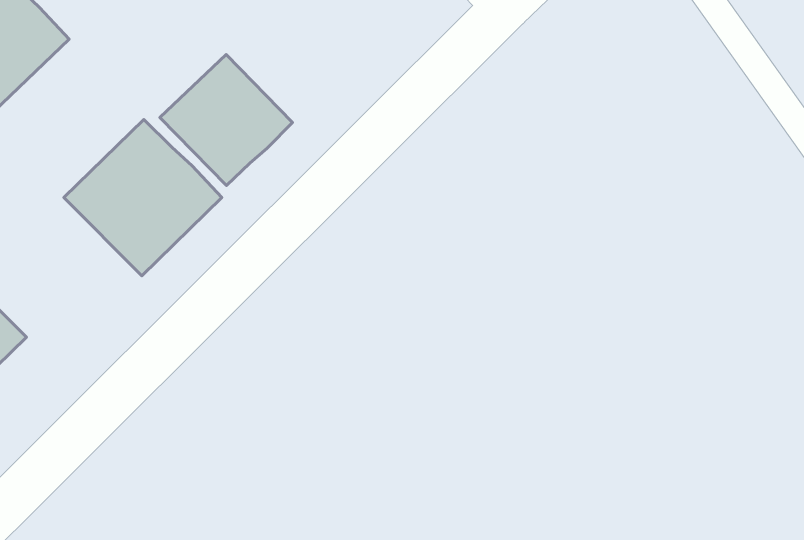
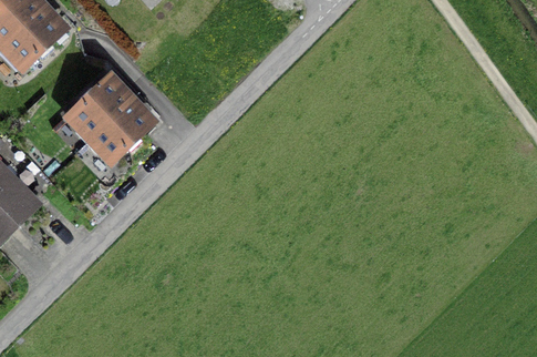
building: [160,54,293,186] -> none

